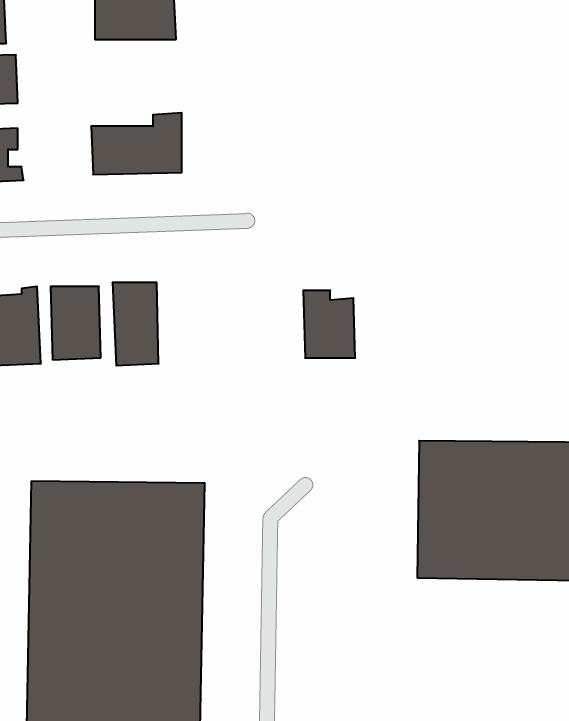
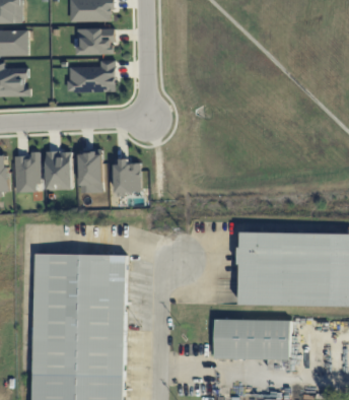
building: none -> [76,28,114,55]
building: [303,290,355,358] -> [114,158,141,194]
building: none -> [213,319,290,360]

